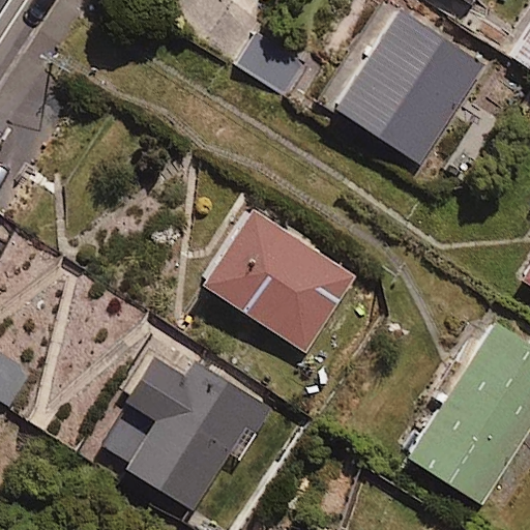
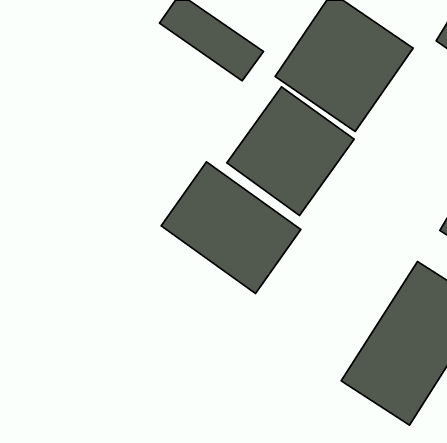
building: none -> [227,87,354,215]
building: [88,350,276,513] -> none

